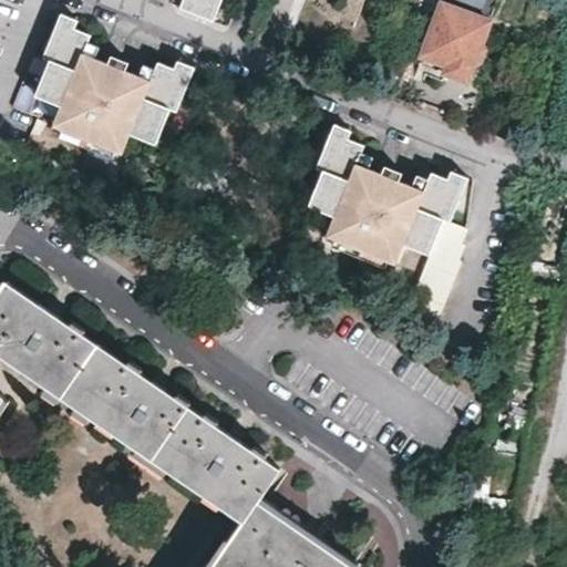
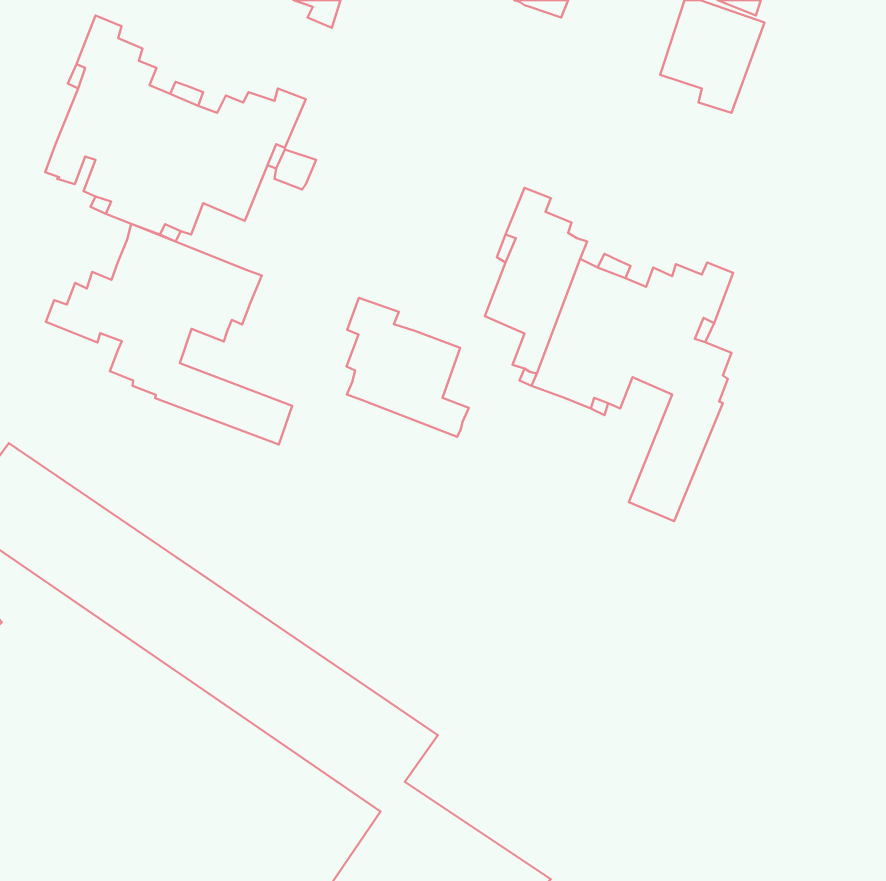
building: none -> [46,224,292,444]
building: none -> [347,298,469,437]

